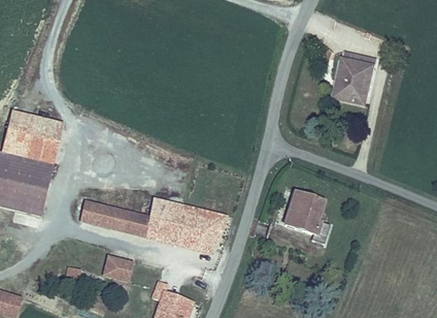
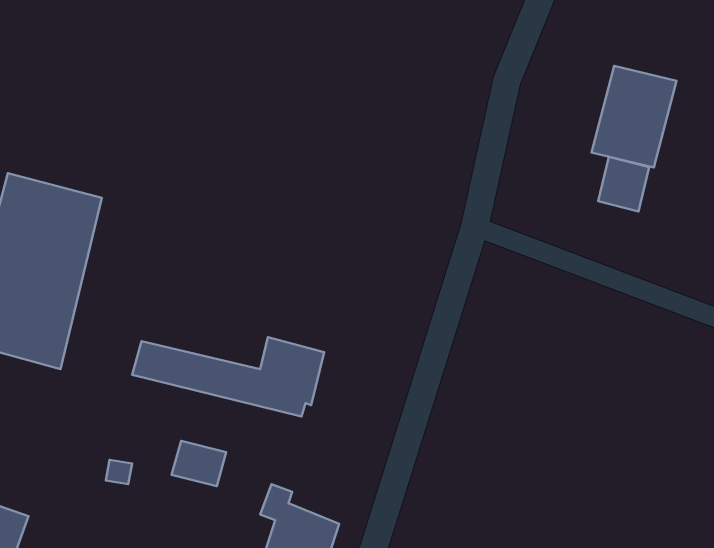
building: none -> [598,157,649,212]
building: [281,189,329,243] -> none
building: [172,206,225,252] -> none

